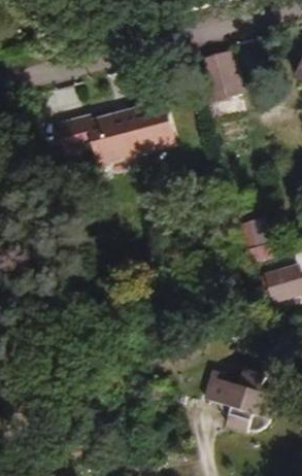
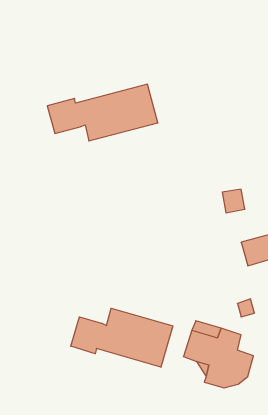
building: [198,52,243,101] -> none
building: none -> [71,308,173,367]

